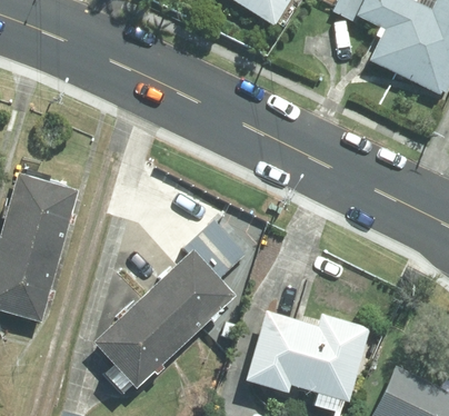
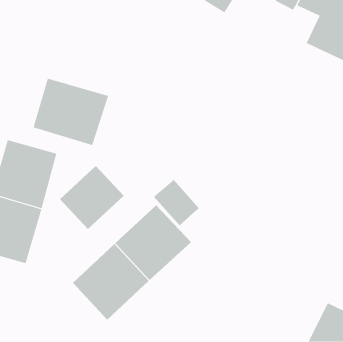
building: none -> [33,78,109,146]
building: none -> [59,165,124,230]
building: [247,310,370,400] -> none

